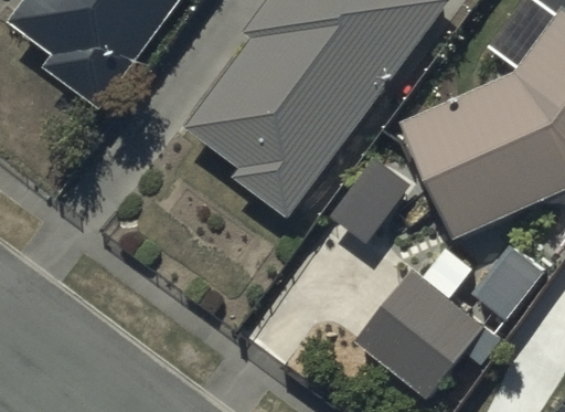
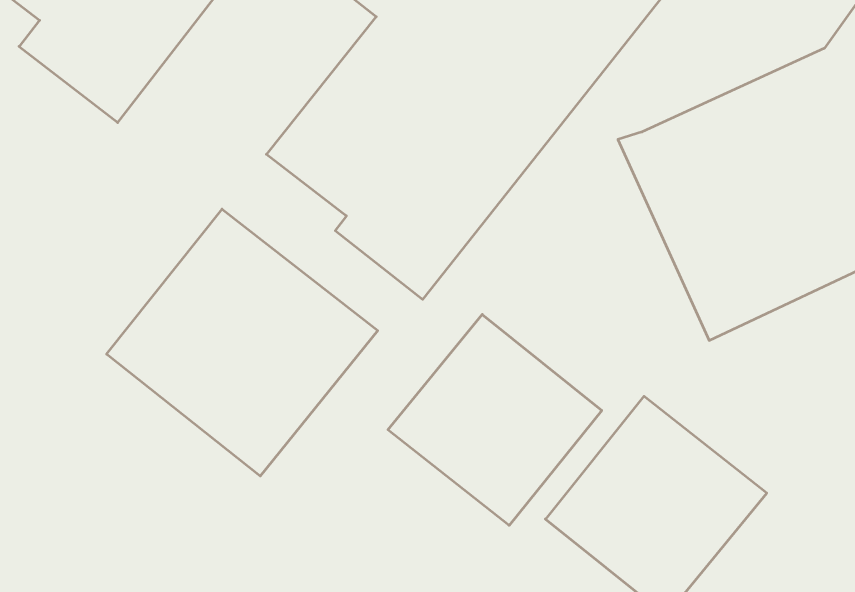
building: none -> [107,209,378,476]
building: none -> [388,314,602,525]

